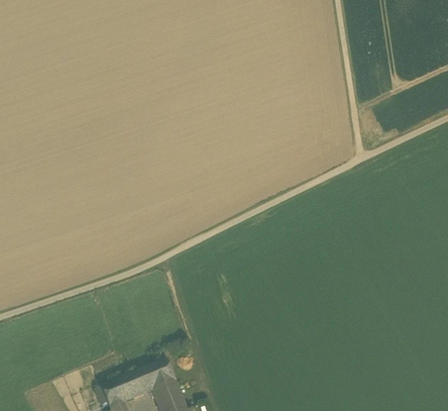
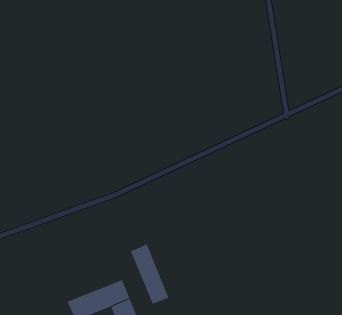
building: none -> [130,243,169,305]

